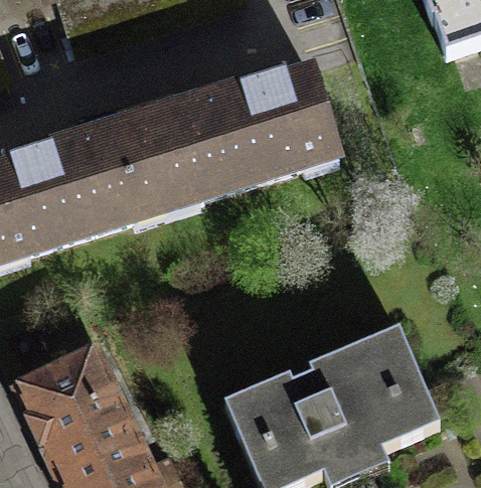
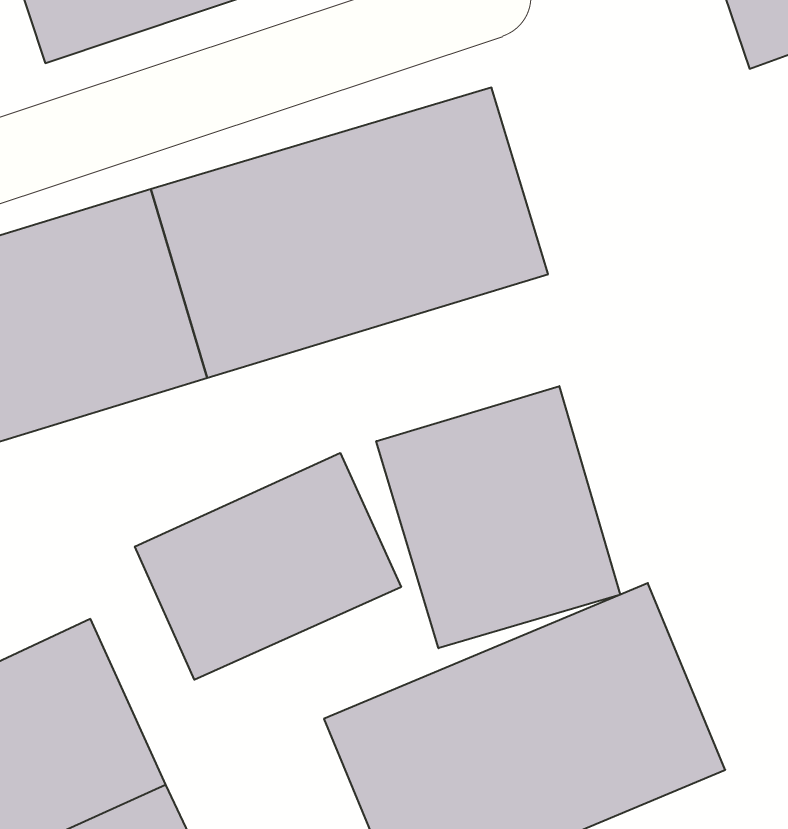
building: none -> [376,386,620,648]
building: none -> [135,453,401,680]

